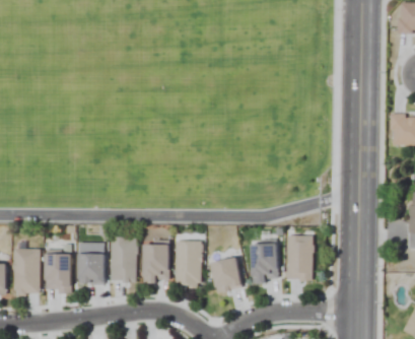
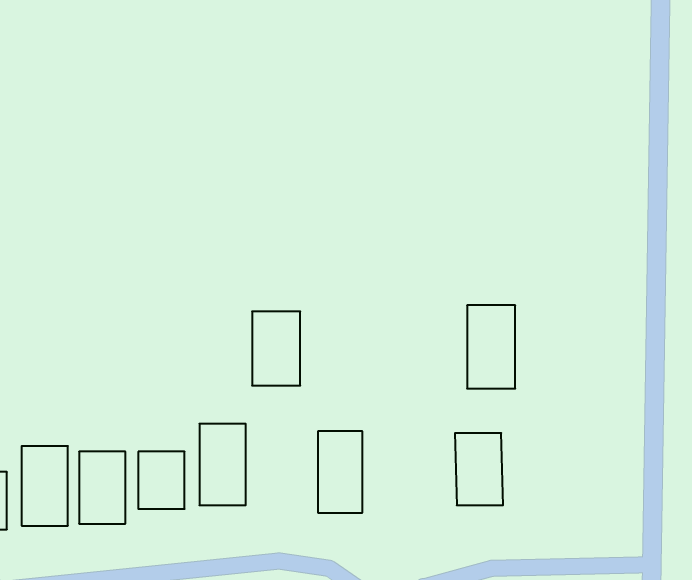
building: [286,235,313,281] -> [467,305,515,389]
building: [142,242,168,282] -> [252,311,300,386]
building: [210,257,240,293] -> none

